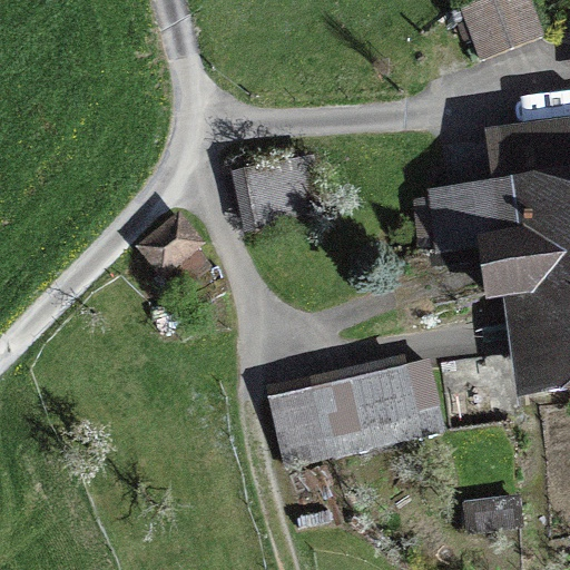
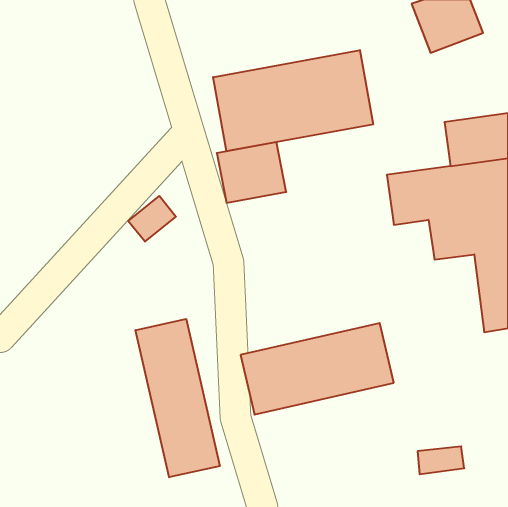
building: none -> [213,50,373,151]
building: none -> [136,319,220,477]

